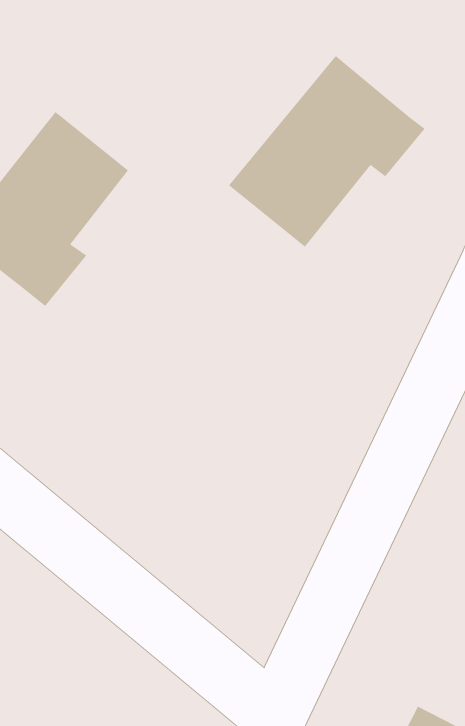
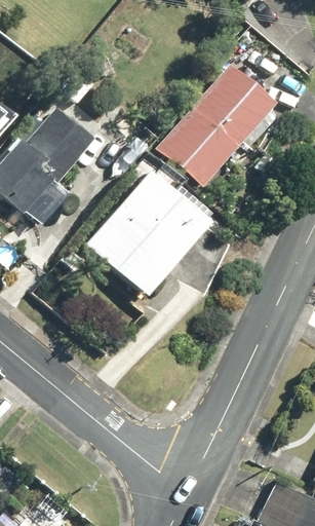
building: none -> [89,172,209,294]

